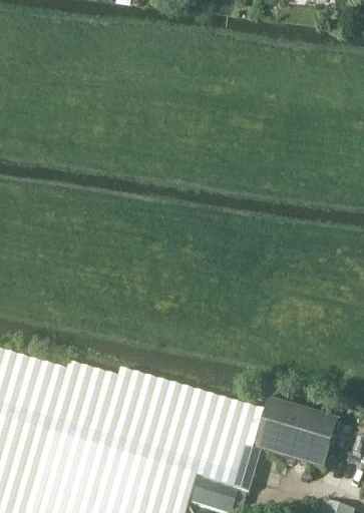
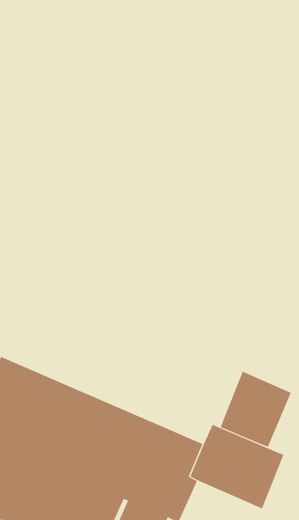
building: none -> [220,371,292,448]

